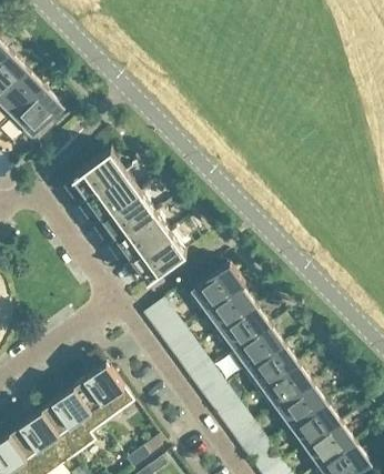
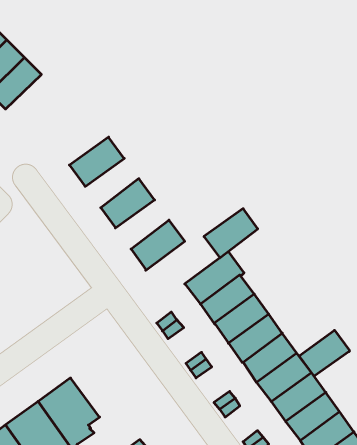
building: [9,88,62,152] -> none
building: [88,171,141,220] -> none
building: [118,212,171,261] -> [204,209,258,258]
building: none -> [299,330,349,376]
building: [73,370,135,427] -> none

